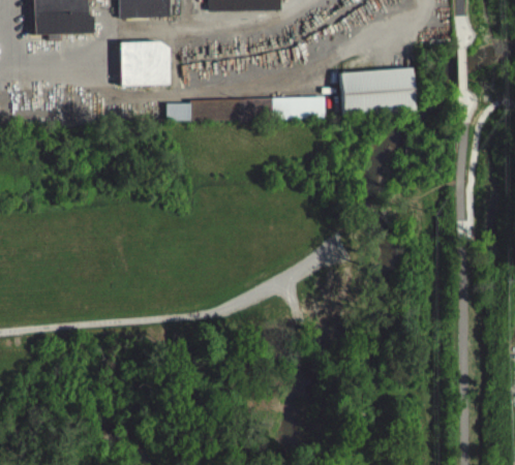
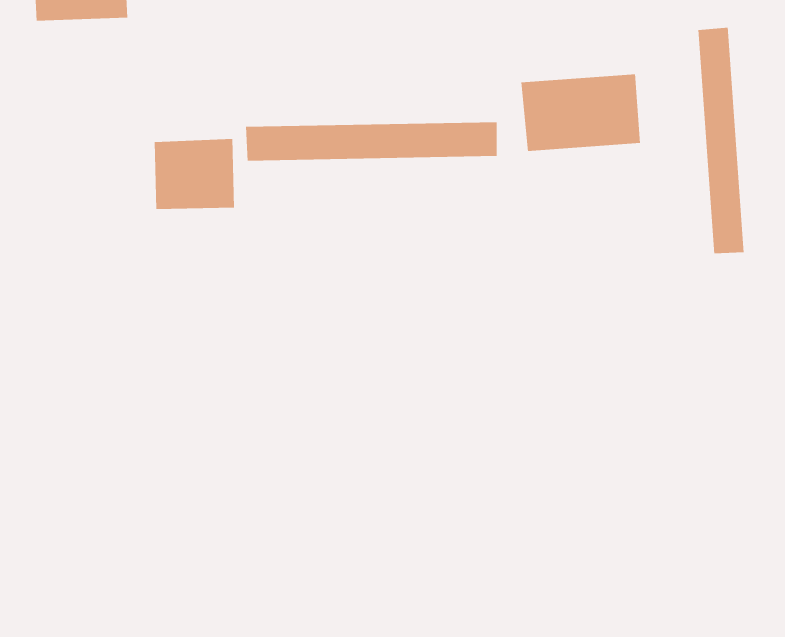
building: none -> [698,27,744,254]
building: [120,40,171,85] -> [154,139,235,210]

